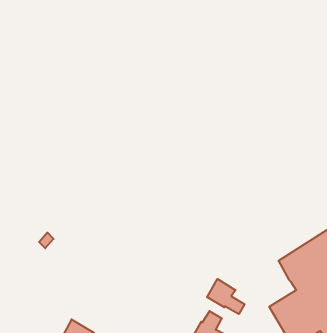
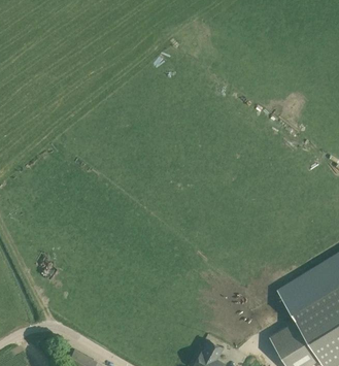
building: [207,279,245,314] -> none

